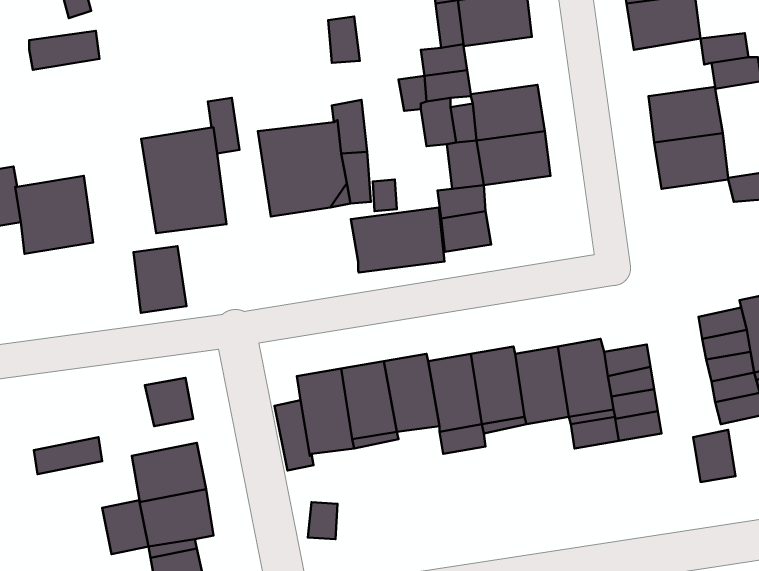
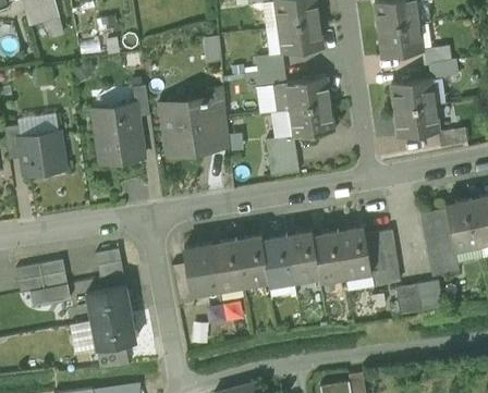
building: [29,31,99,70] -> [17,114,59,137]
building: [351,207,444,273] -> none
building: [133,246,187,313] -> none
building: none -> [15,260,68,293]
building: none -> [400,283,424,320]

